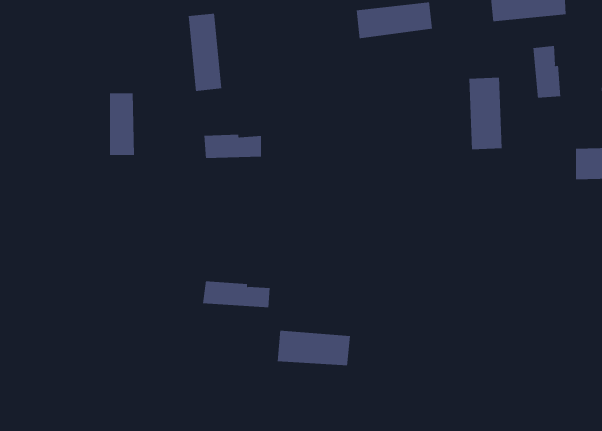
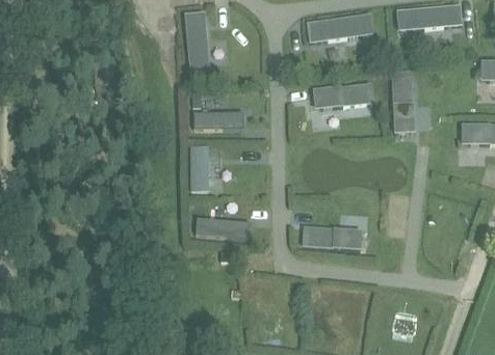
building: [533,45,561,98] -> none
building: none -> [318,80,372,108]
building: [109,93,135,155] -> [190,145,209,191]
building: [277,330,351,366] -> [304,223,358,249]

